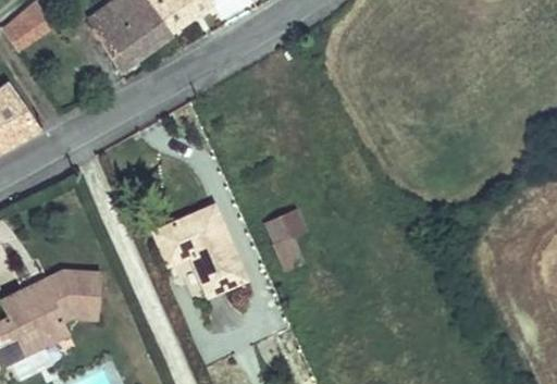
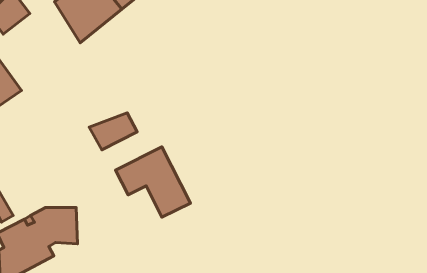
building: none -> [89,113,137,150]
building: [264,207,302,267] -> none

